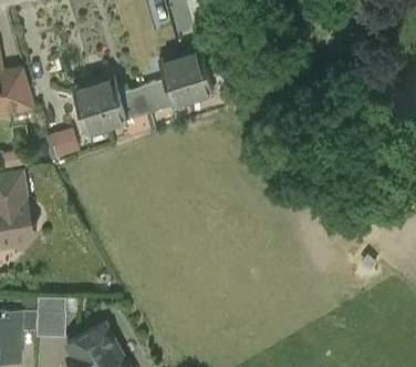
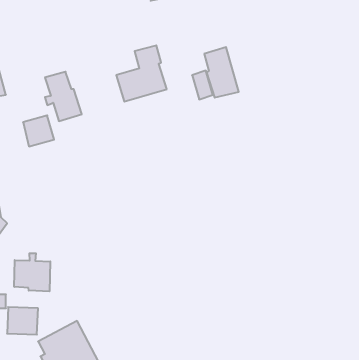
building: [180,52,214,101] -> [204,47,239,98]
building: [93,78,149,125] -> none
building: none -> [14,253,50,291]

